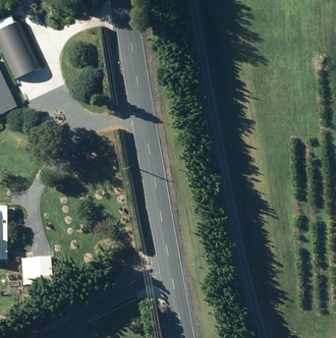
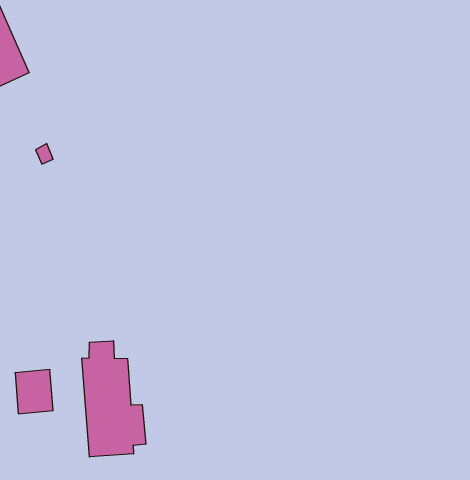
building: none -> [82,341,146,457]

